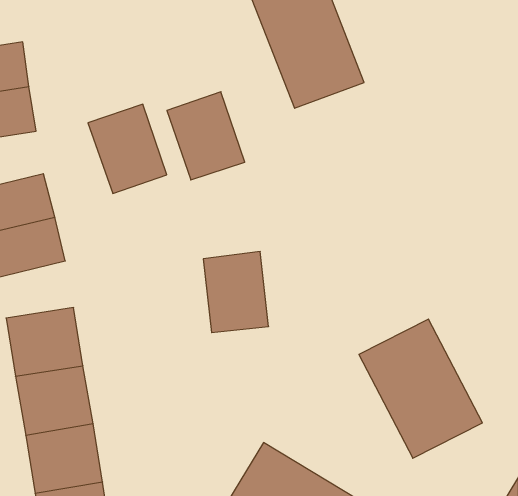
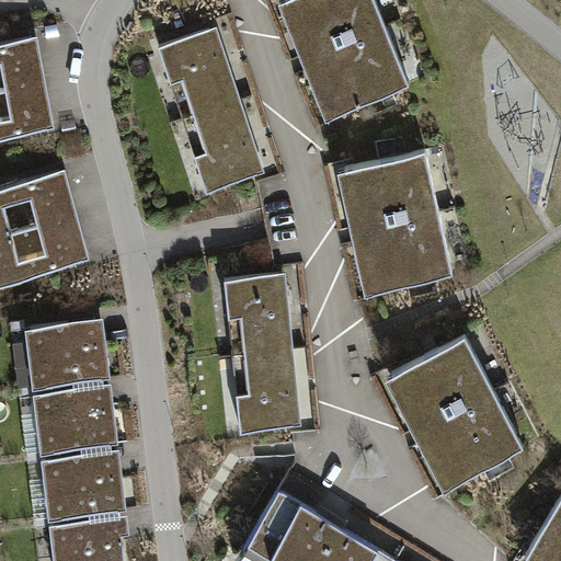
building: [88,104,167,193] -> [161,25,244,119]
building: none -> [348,154,453,293]
building: none -> [234,347,304,432]

